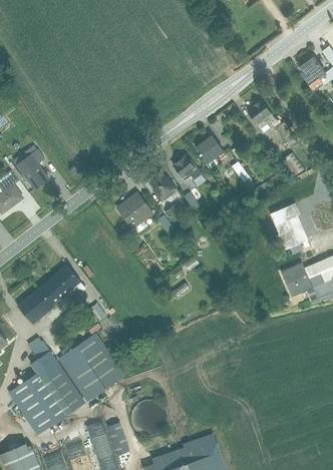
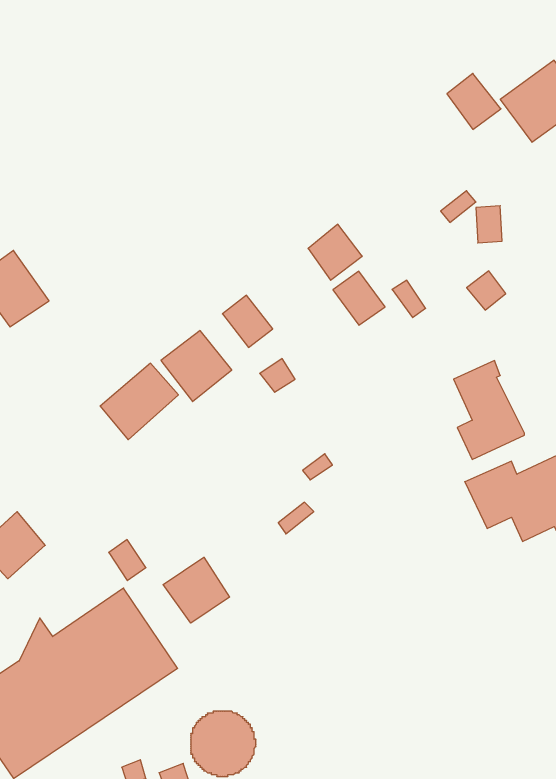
building: [245,98,274,128] -> [447,73,501,129]
building: [172,154,200,183] -> [333,271,385,325]
building: [37,265,79,306] -> [100,363,178,440]
building: none -> [163,557,230,623]

